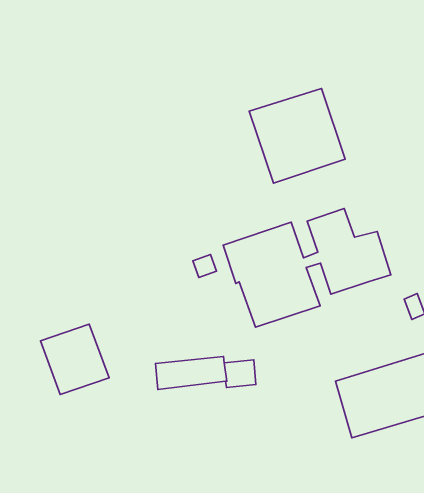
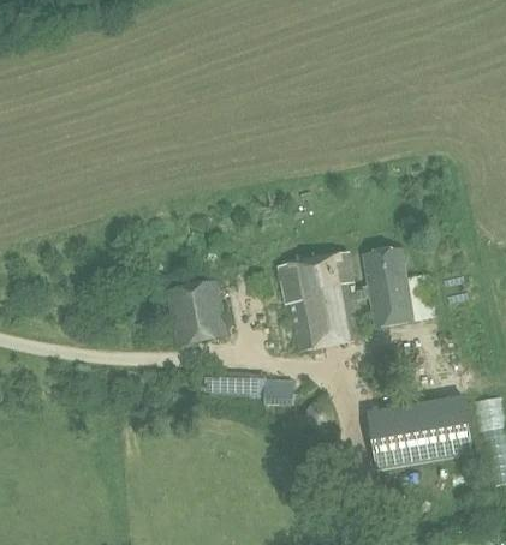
building: [249,89,345,183] -> none
building: [40,324,109,394] -> [165,281,226,345]

